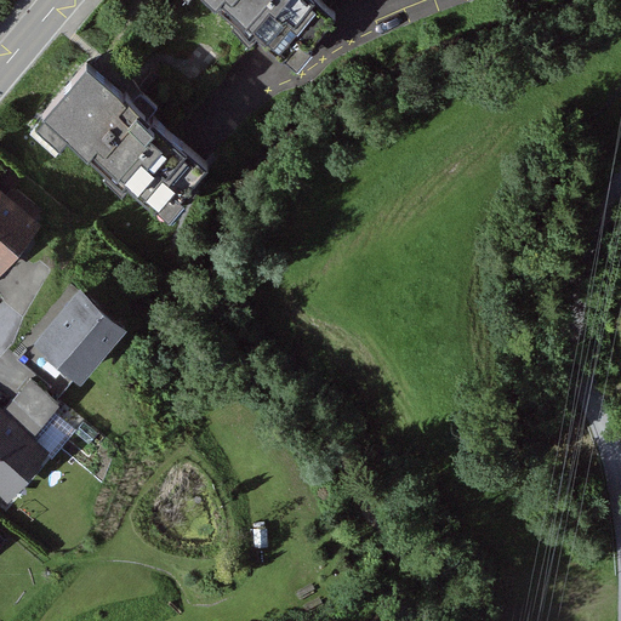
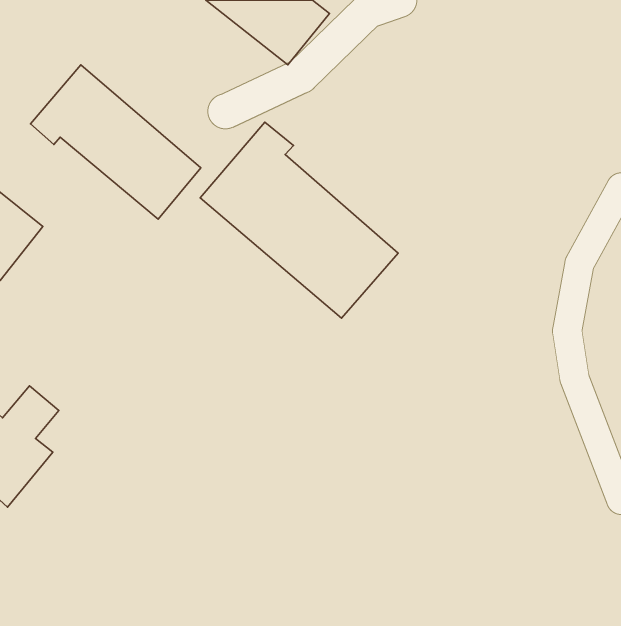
building: none -> [200,122,398,318]
building: [32,290,125,384] -> none

